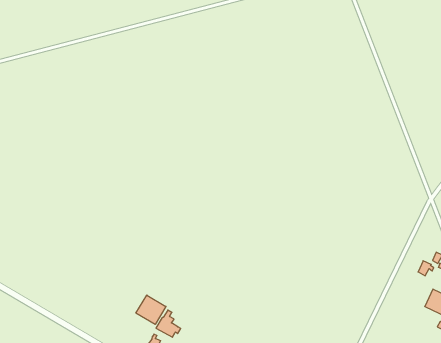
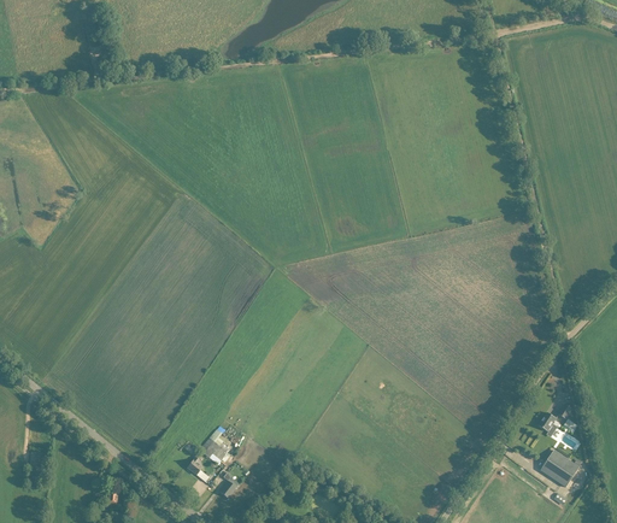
building: [136,295,166,324] -> none

